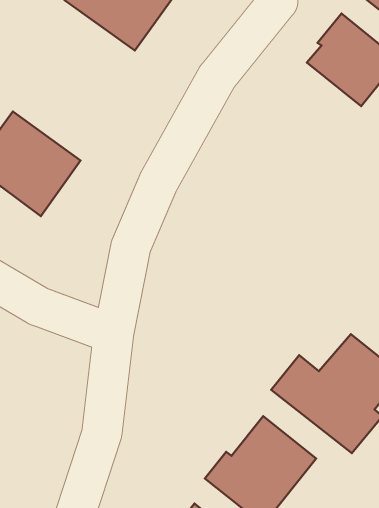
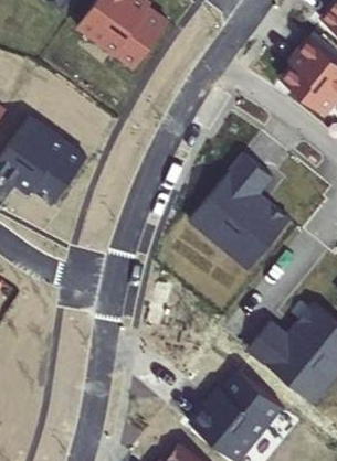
building: none -> [187,152,286,260]

